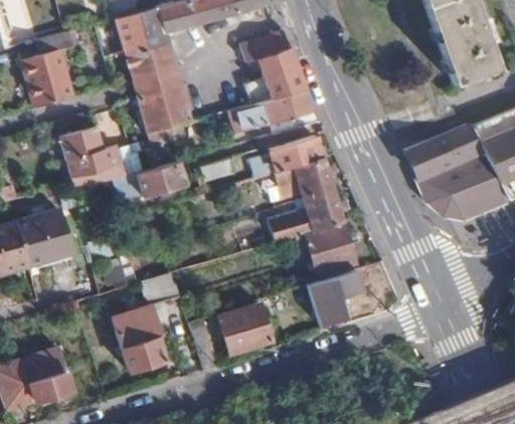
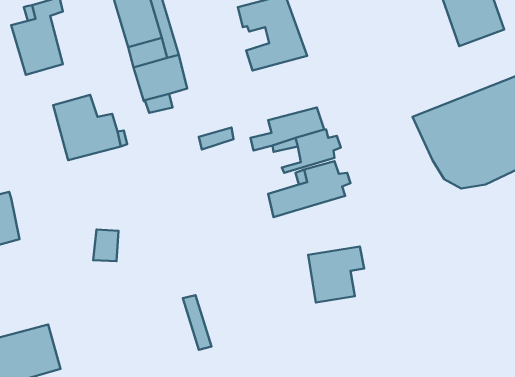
building: [231,89,322,138] -> none
building: [141,162,186,196] -> none
building: [22,207,75,264] -> none
building: [295,223,354,274] -> none
building: [113,273,180,372] -> none
building: [219,304,270,353] -> none

